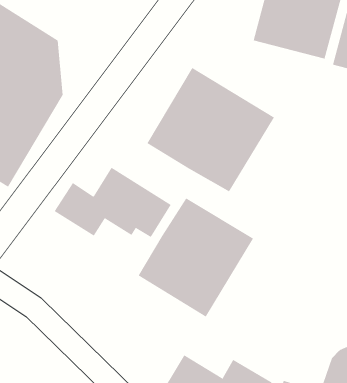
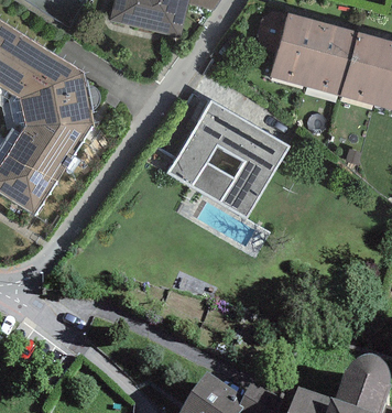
building: [54,167,172,238] -> none
building: [138,197,254,317] -> none

